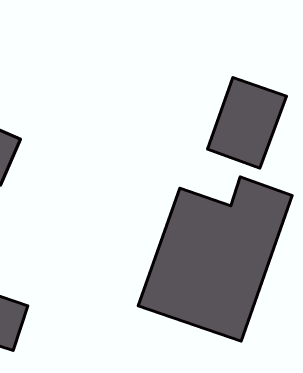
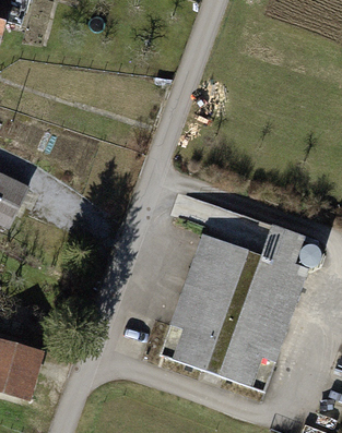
building: [208,77,286,168] -> none

